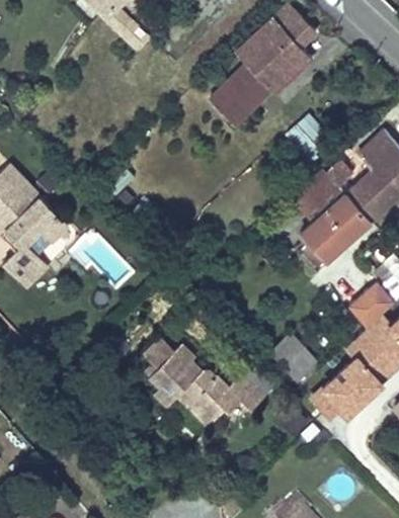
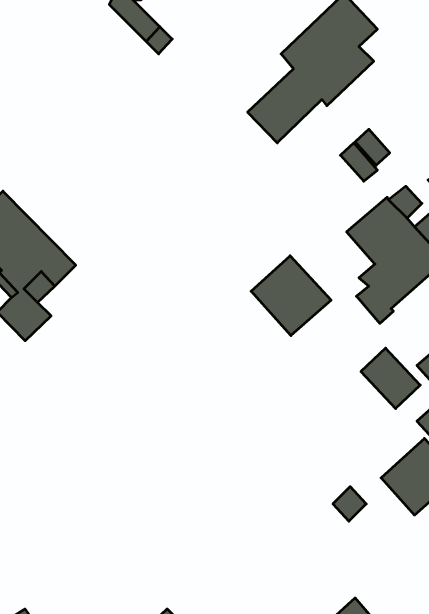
building: none -> [251,256,331,336]
building: [268,332,317,381] -> [361,348,420,409]
building: [144,338,265,425] -> none

